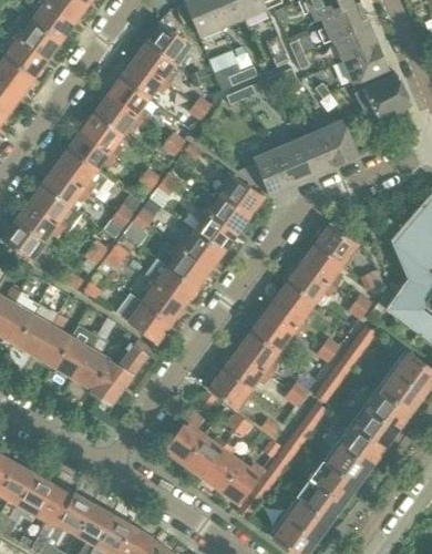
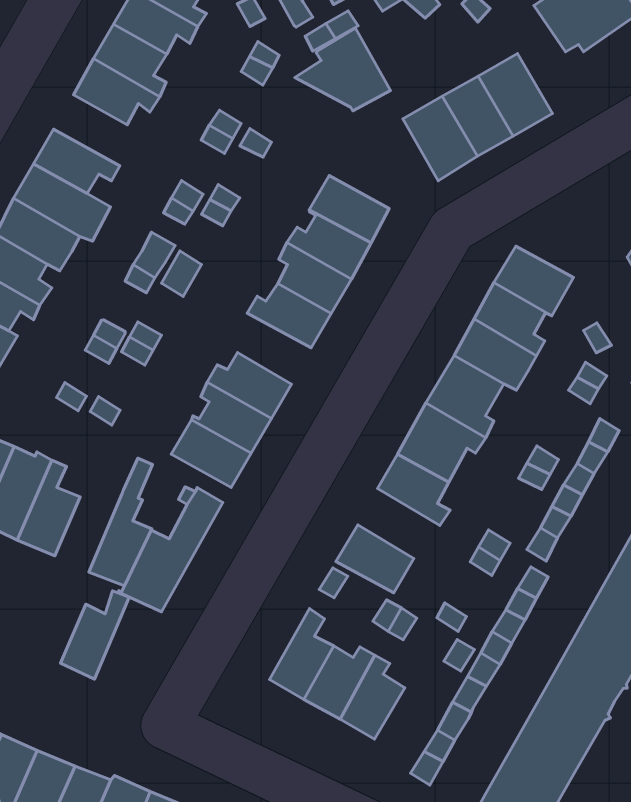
building: [81,114,122,156] -> none
building: [238,148,290,194] -> [295,28,391,111]
building: [168,246,209,288] -> none
building: [54,331,96,379] -> [61,591,129,679]
building: [224,351,269,392] -> none
building: [219,463,261,503] -> none

